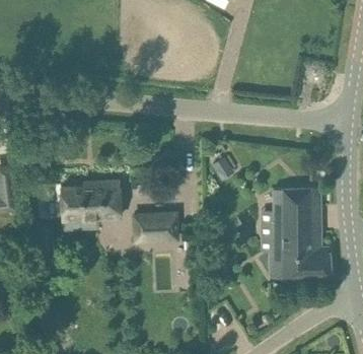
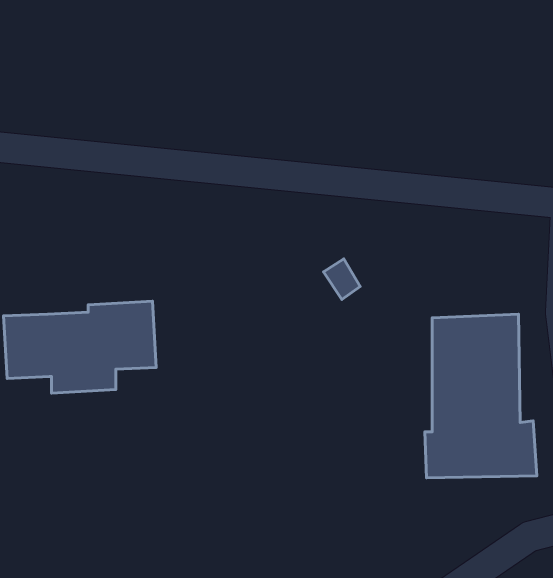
building: [134,212,177,242] -> none

